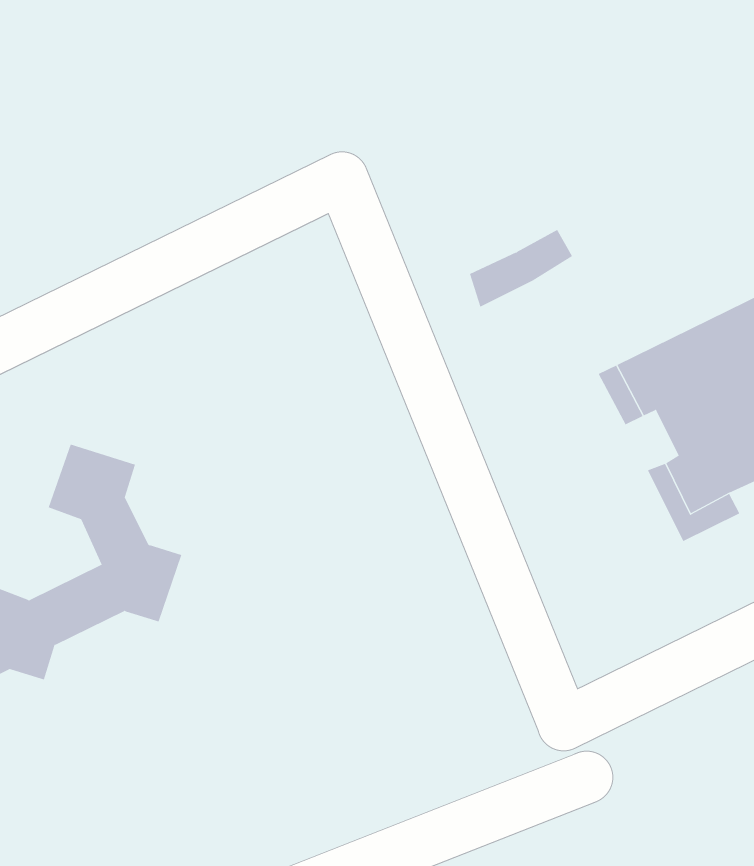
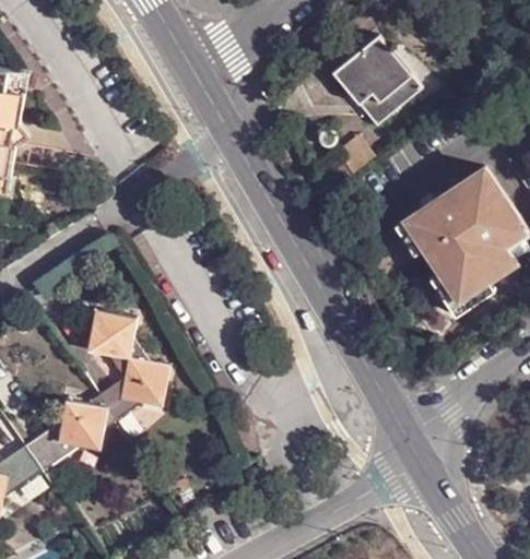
building: none -> [332,38,420,128]

